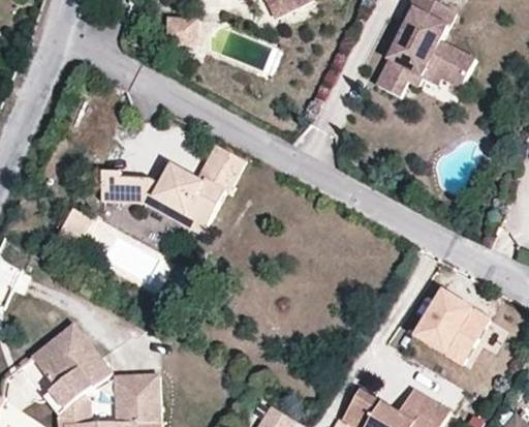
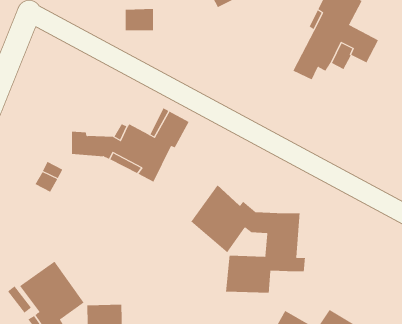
building: none -> [191,184,305,293]
building: [417,292,489,363] -> none

